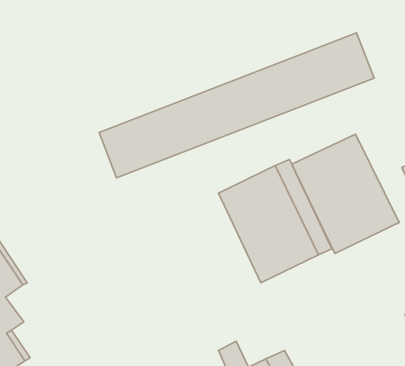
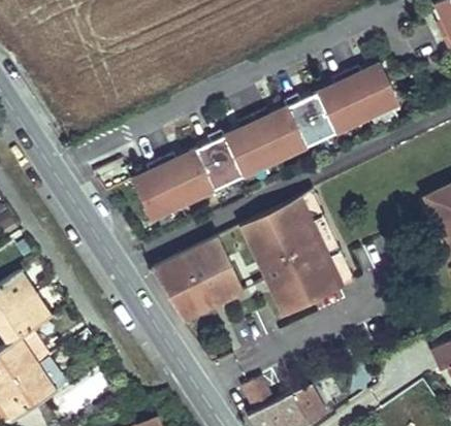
building: [292,134,399,254] -> none
building: none -> [152,235,259,322]

